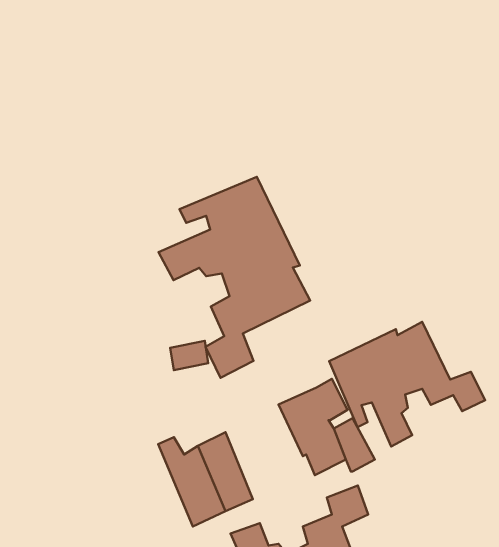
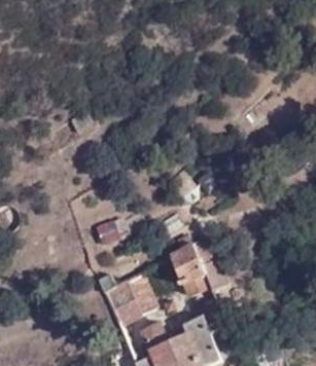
building: [159,177,310,378] -> none
building: [329,322,485,446] -> none

